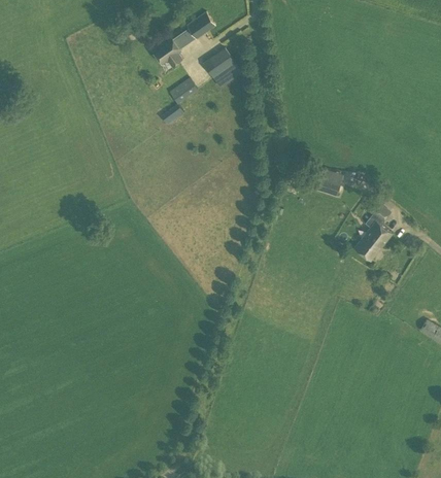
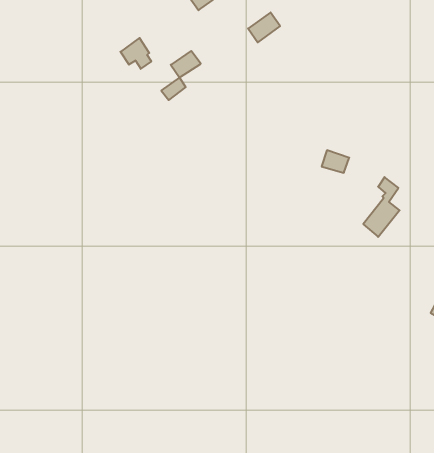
building: [151,37,181,67] -> [120,38,151,69]
building: [203,49,234,78] -> [248,12,280,42]

